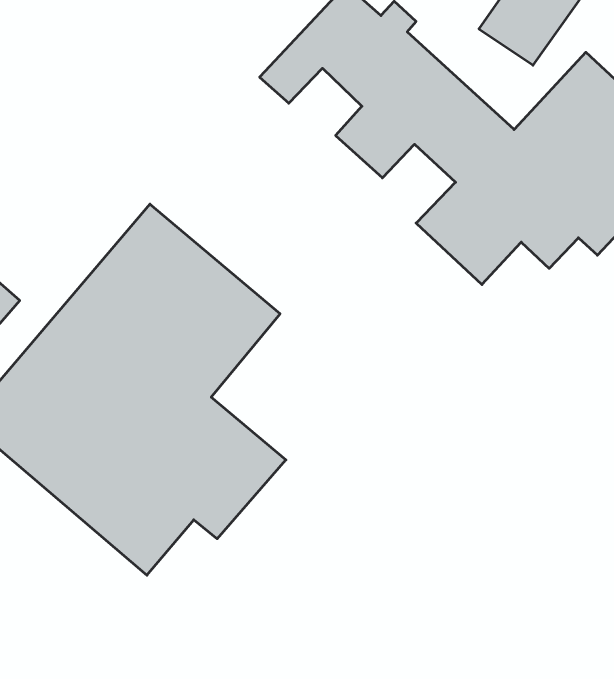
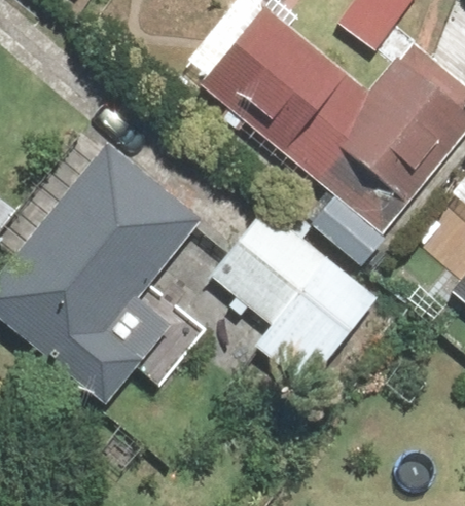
building: none -> [208,207,377,389]

